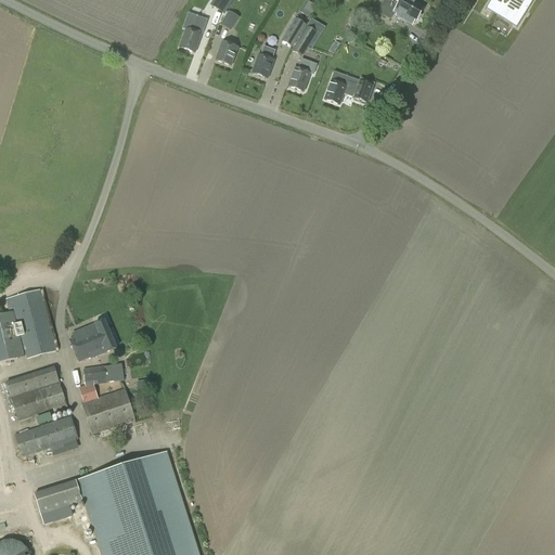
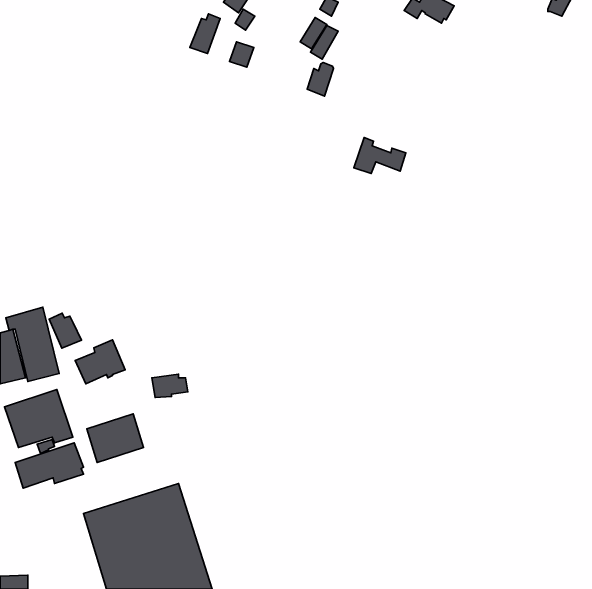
building: [250,42,274,76] -> none
building: [323,68,372,102] -> [354,138,406,174]
building: none -> [49,313,81,348]
building: [82,363,116,385] -> [152,374,188,398]
building: [34,478,82,513] -> none

